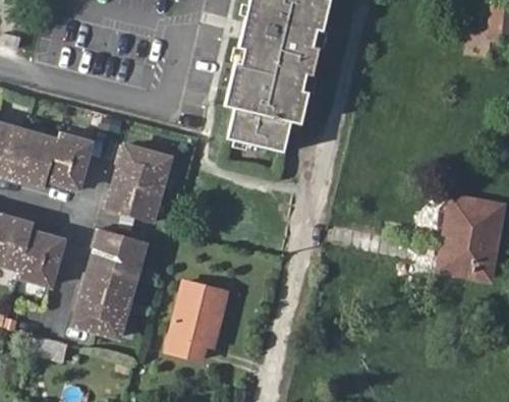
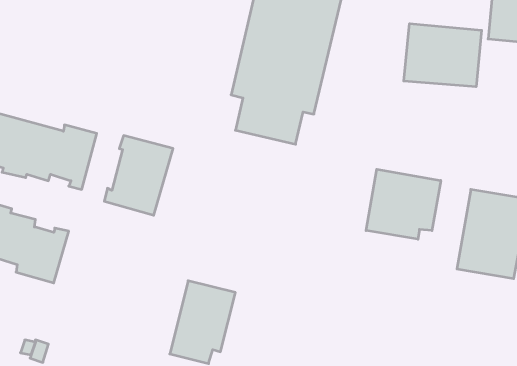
building: none -> [404,24,482,87]
building: none -> [366,169,441,239]
building: [74,226,147,337] -> none

